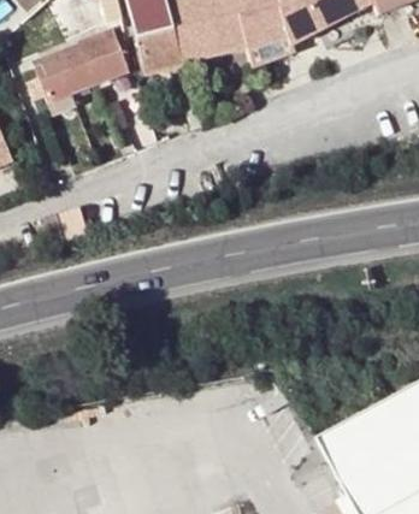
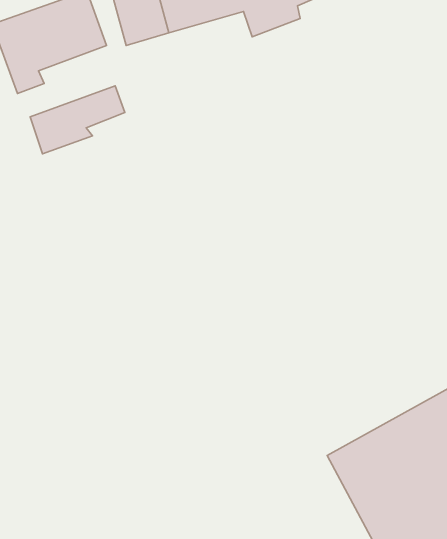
building: none -> [30,86,125,154]

